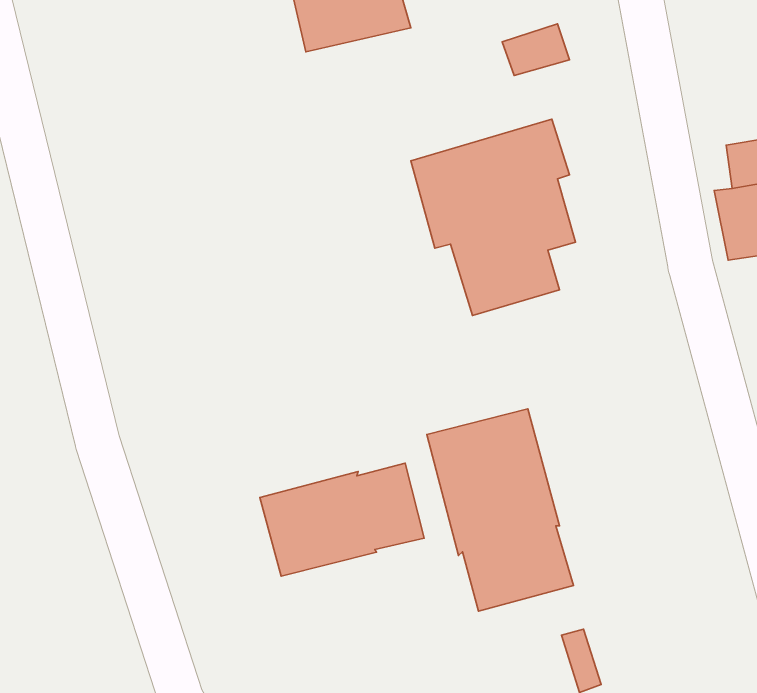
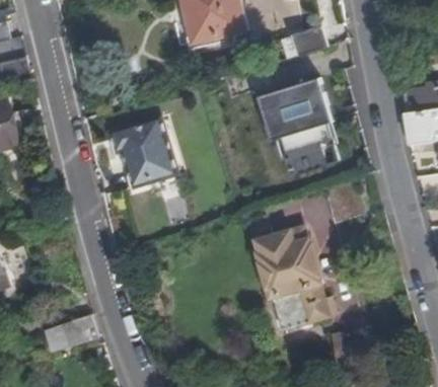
building: none -> [111,117,178,188]
building: [260,463,424,576] -> none
building: none -> [46,315,97,351]

